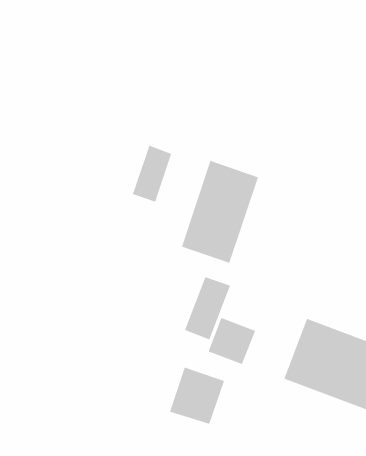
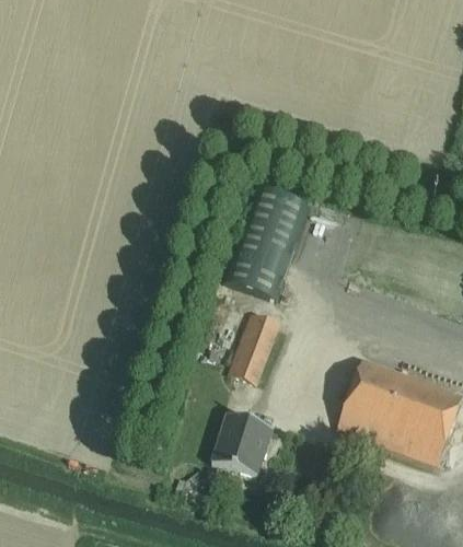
building: [132,145,172,202] -> none
building: [208,317,256,365] -> none

